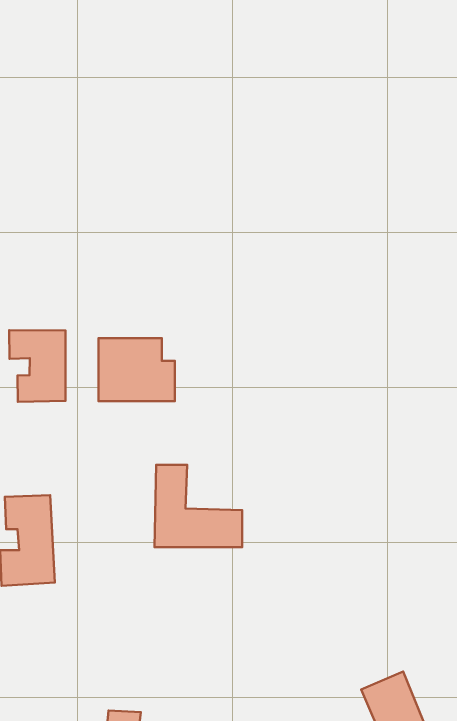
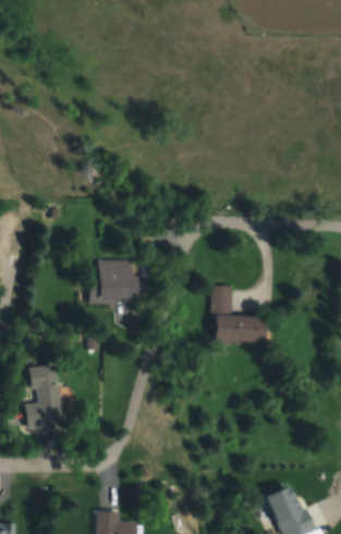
building: [9,330,65,402] -> none
building: [155,465,242,547] -> [208,287,267,342]

